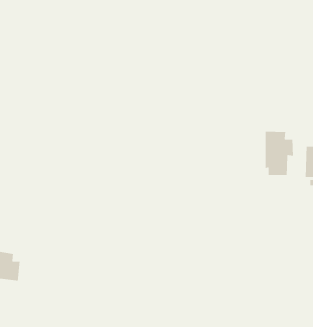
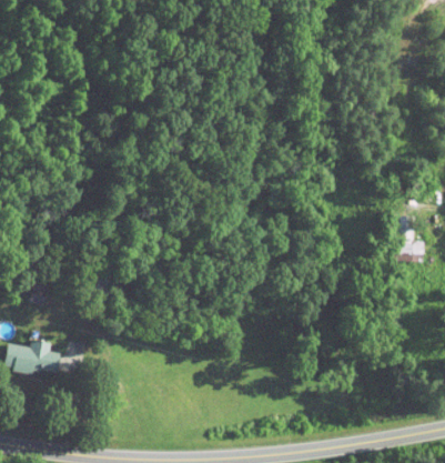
building: [265,131,294,176] -> none

